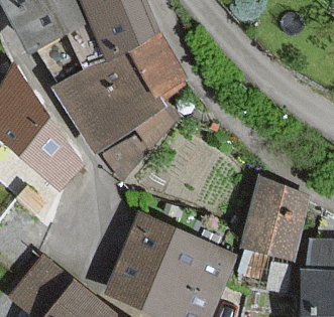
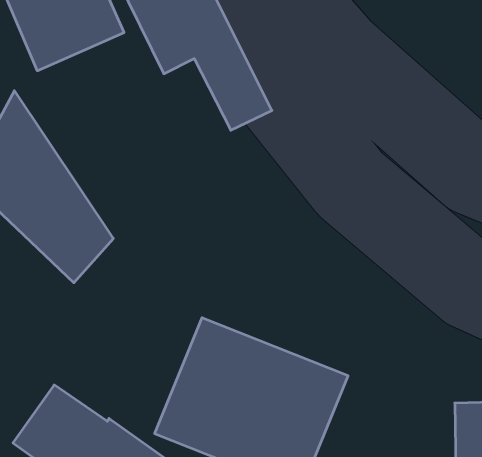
building: [57,51,178,174] -> none
building: [240,182,309,253] -> none

